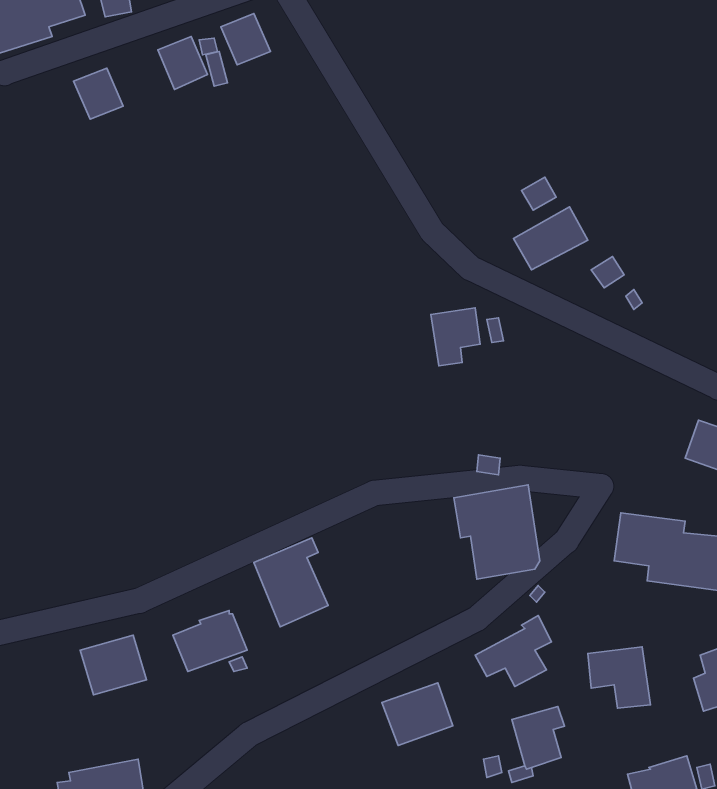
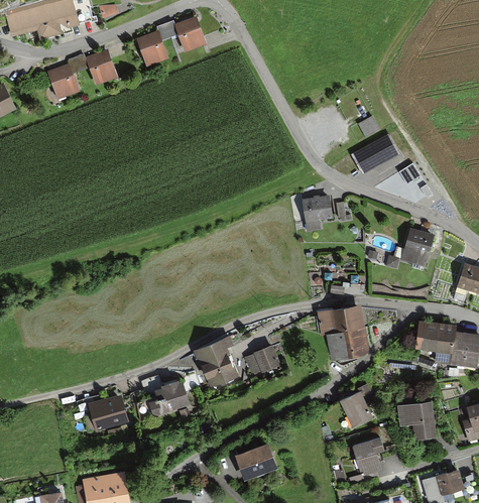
building: none -> [47,65,77,96]
building: none -> [387,228,434,268]
building: none -> [244,345,280,375]
building: [382,683,453,746] -> [234,444,277,482]

